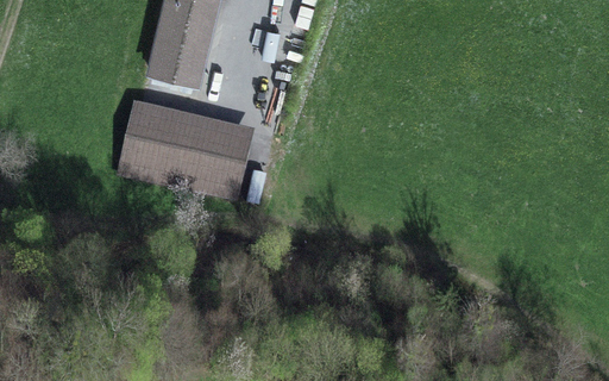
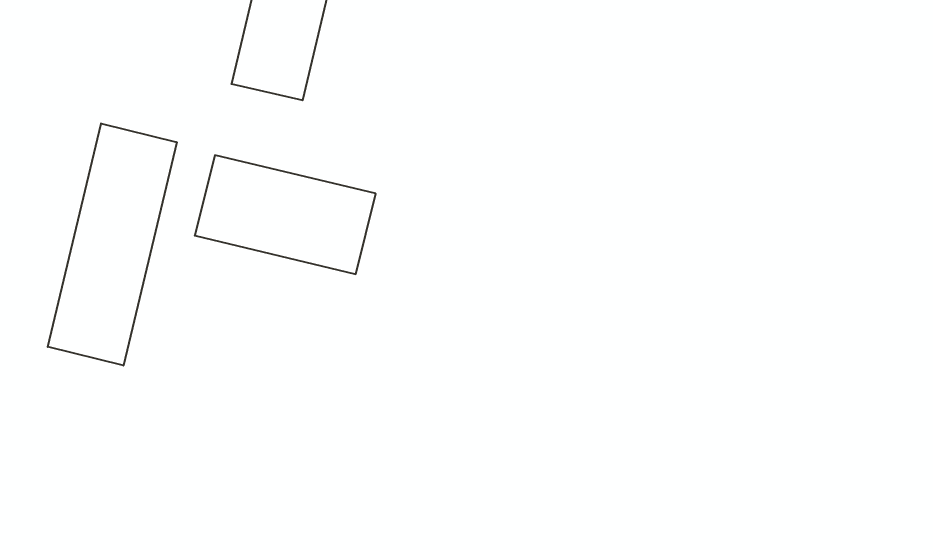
building: none -> [48,123,177,366]

